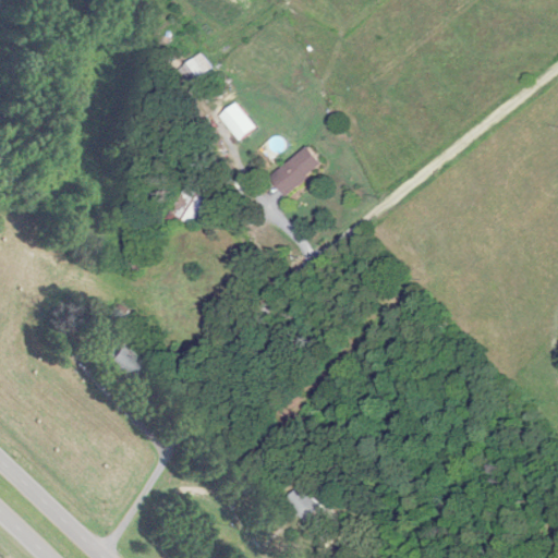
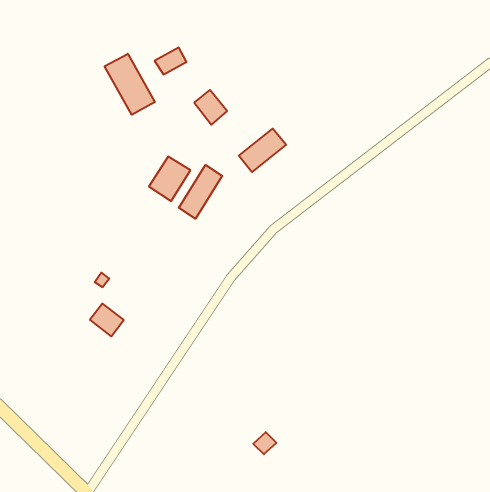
building: none -> [105,54,155,115]
building: none -> [179,165,222,219]

